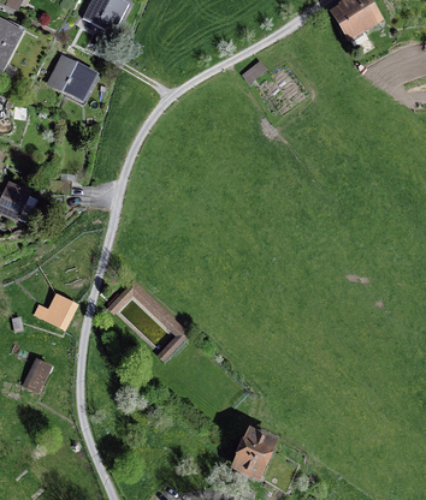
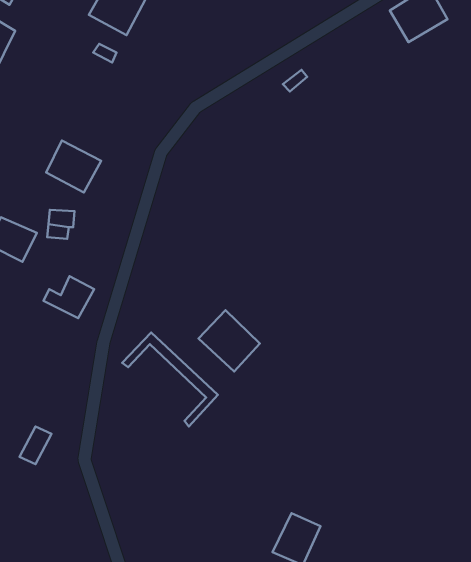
building: [49,56,95,100] -> [46,141,101,193]
building: none -> [199,310,260,372]
building: [35,293,77,328] -> [43,276,94,318]

